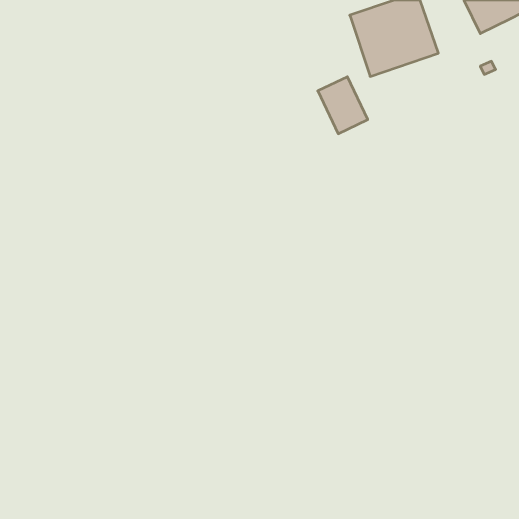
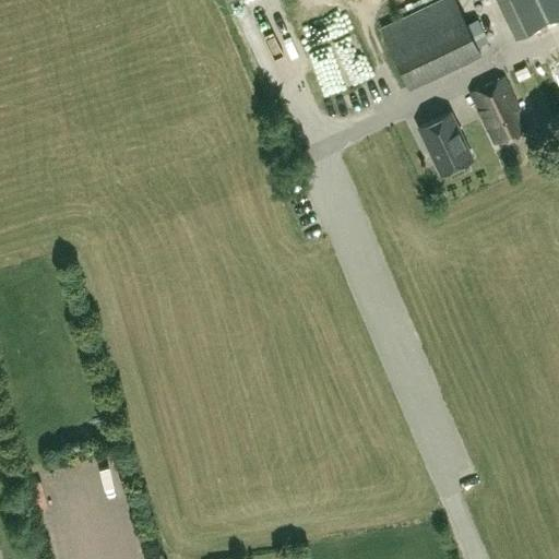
building: none -> [473,79,531,146]
building: [318,77,368,134] -> [420,115,474,176]

